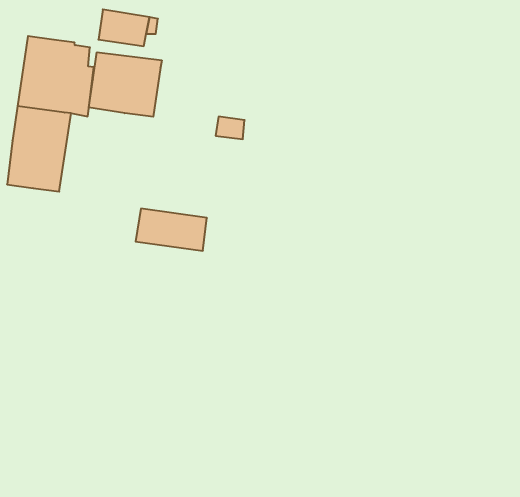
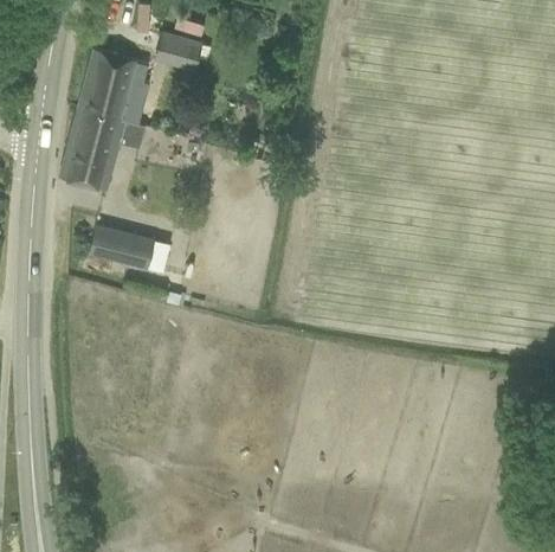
building: [89,52,162,117] -> none
building: [136,209,207,251] -> [88,225,153,269]

